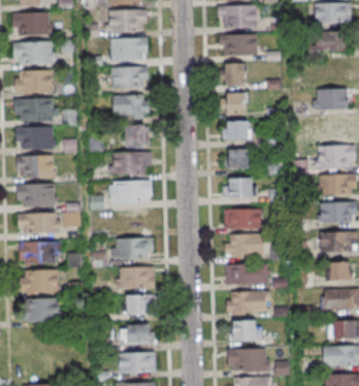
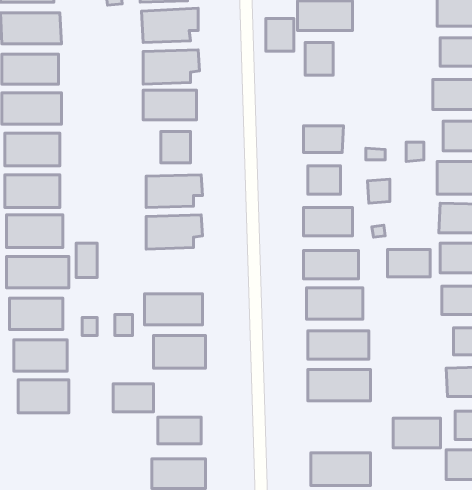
building: [225,92,244,115] -> [266,19,294,51]
building: none -> [387,250,430,277]
building: [125,294,153,314] -> [113,384,153,412]
building: [229,319,262,340] -> [393,418,441,448]

